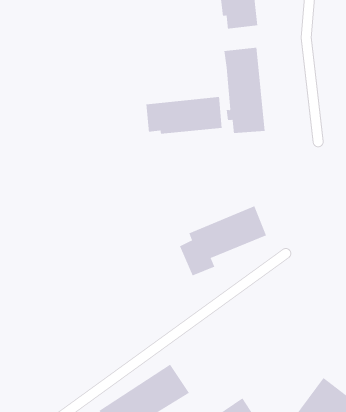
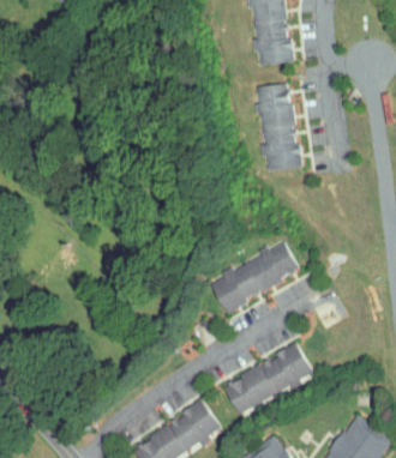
building: [146,96,222,134] -> none
building: none -> [223,341,313,414]

